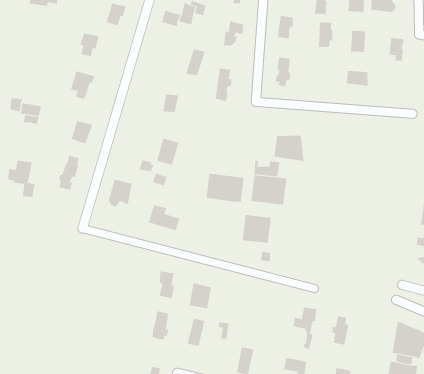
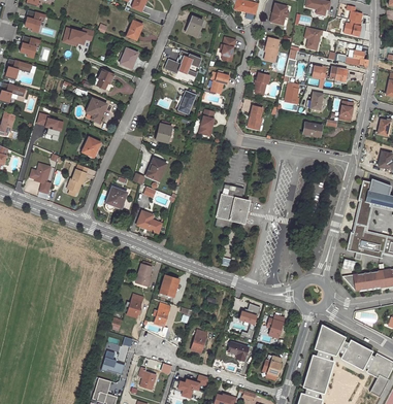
building: [274,135,304,162] -> none
building: [206,173,244,203] -> none
building: [242,214,271,244] -> none

